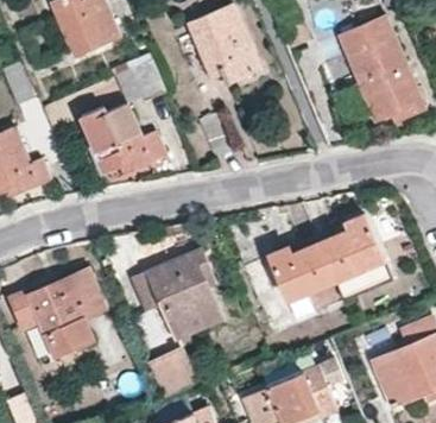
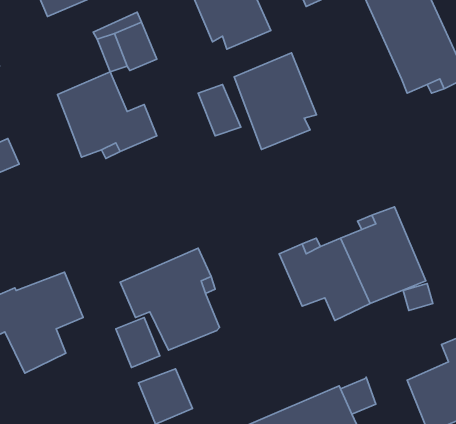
building: none -> [234,53,316,149]

